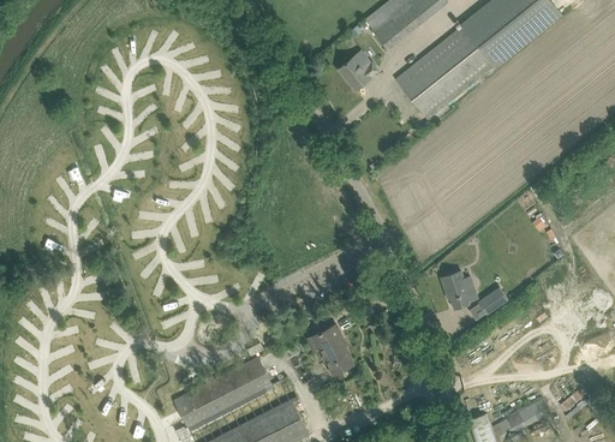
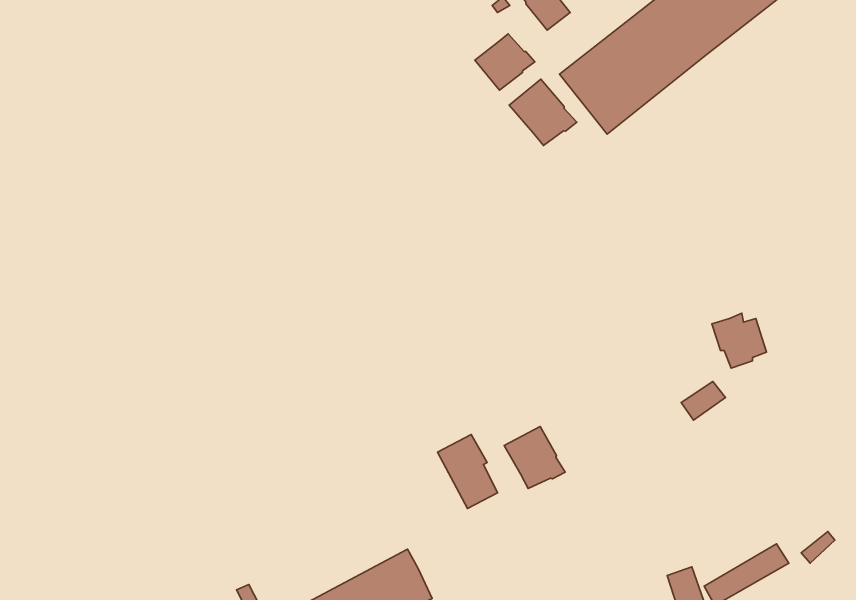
building: none -> [509,79,577,146]
building: [441,270,478,307] -> [712,313,767,368]
building: none -> [504,427,565,489]
building: [174,357,271,428] -> none

